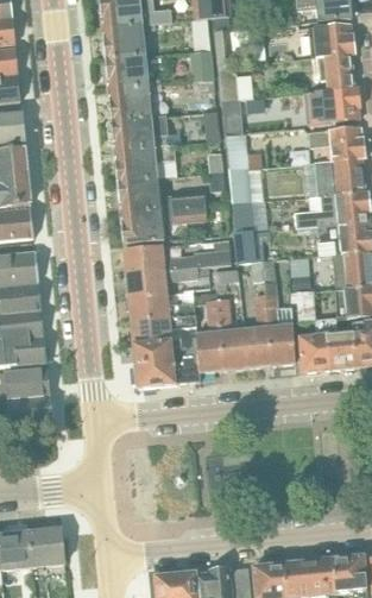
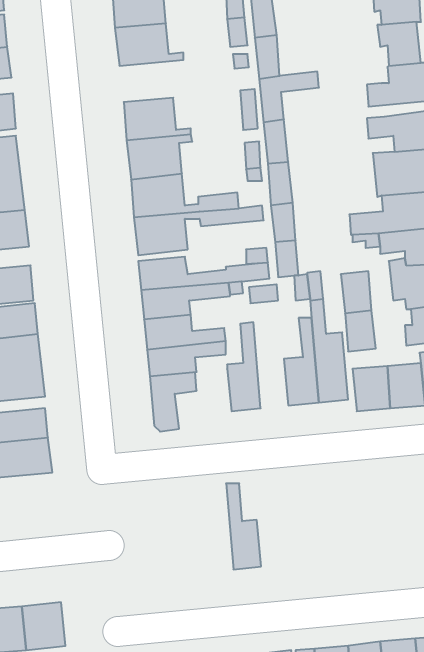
building: [108,86,162,120] -> none
building: [217,300,246,370] -> [226,483,261,569]
building: [153,338,201,386] -> none

